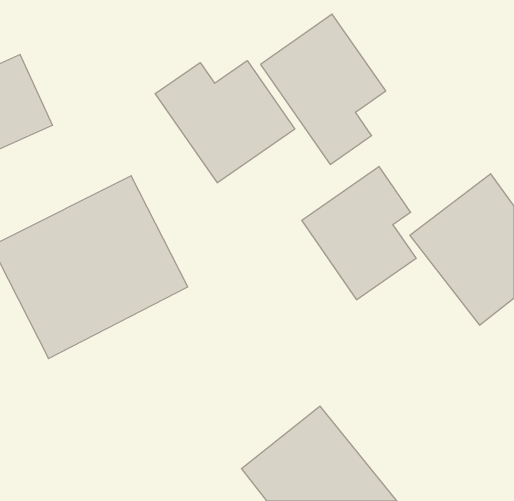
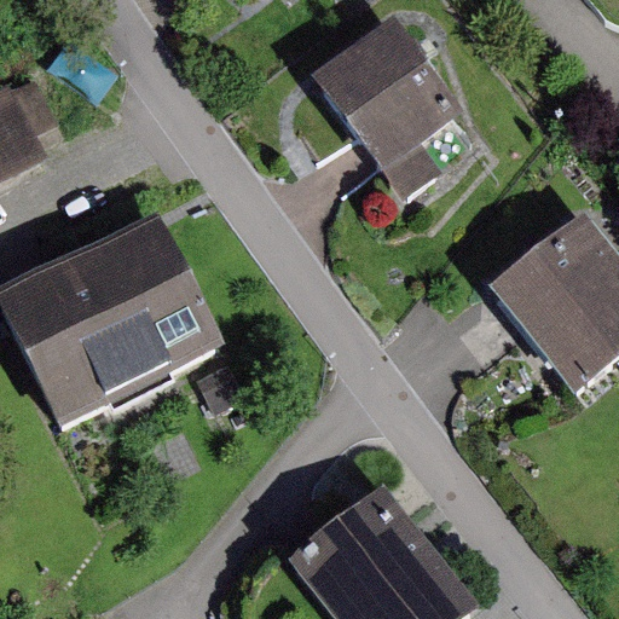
building: [155,61,295,183] -> none
building: [302,166,416,300] -> none

